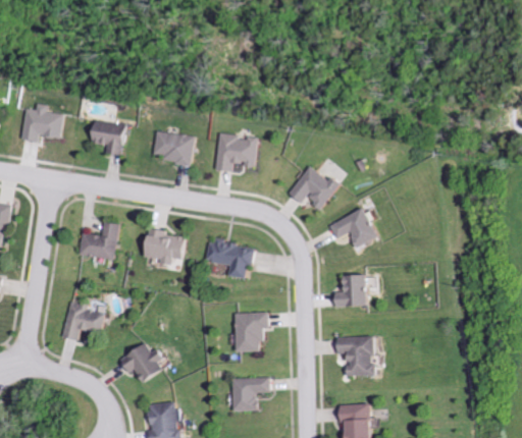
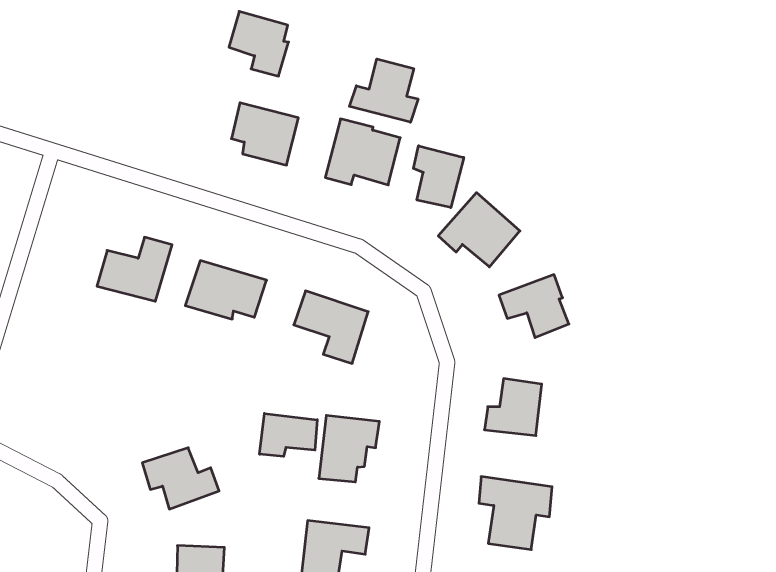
building: none -> [349,59,418,122]
building: [25,103,68,141] -> none
building: [95,119,130,155] -> [229,11,289,76]
building: none -> [413,146,464,208]
building: [67,304,109,340] -> none
building: none -> [260,413,317,456]

